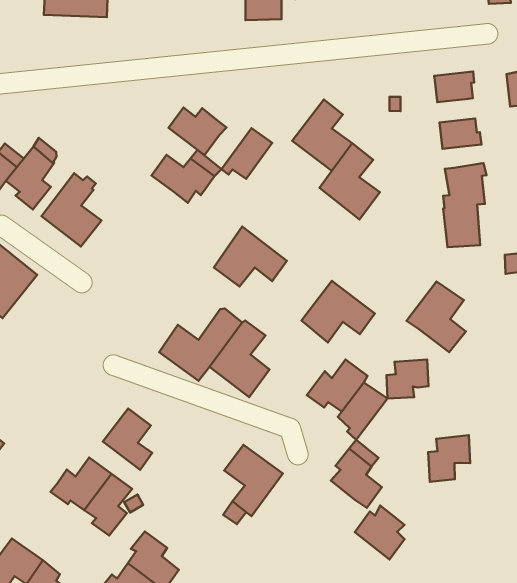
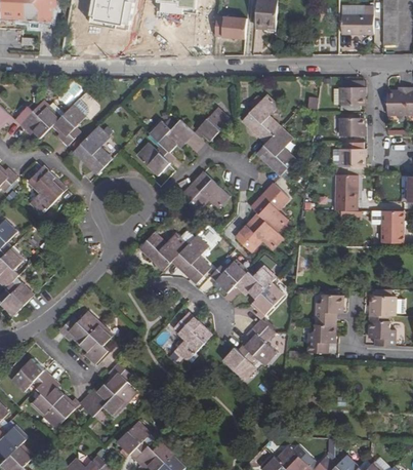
building: [168,107,227,155] -> [137,142,175,174]
building: [406,281,466,352] -> [250,184,289,231]
building: none -> [208,261,246,293]
building: [386,360,429,399] -> [315,295,343,319]
building: [103,409,152,470] -> none
building: [355,506,404,560] -> [223,344,256,380]

